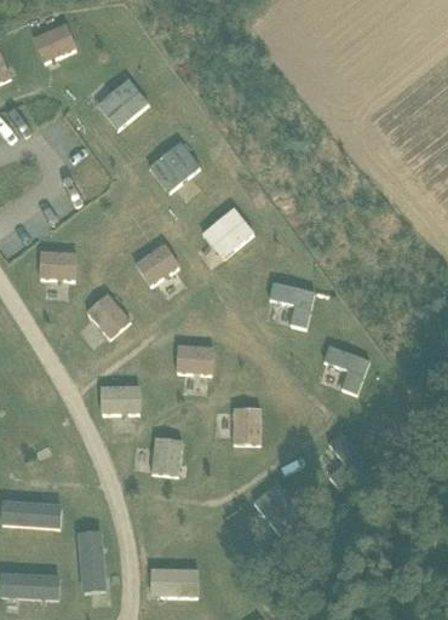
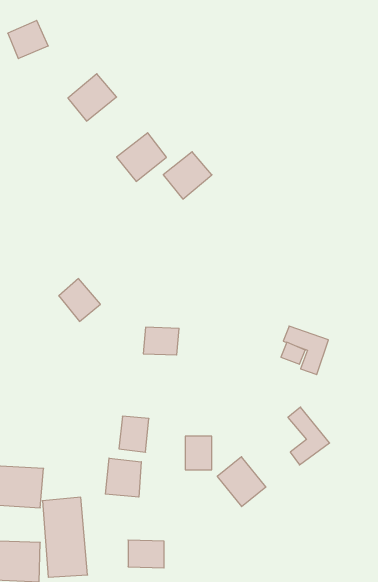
building: [202,208,253,258] -> [163,152,212,199]
building: [133,242,177,285] -> none
building: [39,249,75,280] -> none
building: [266,281,314,328] -> none
building: [99,385,138,414] -> none
building: [231,408,259,443] -> [185,436,212,470]
building: none -> [105,458,141,497]

